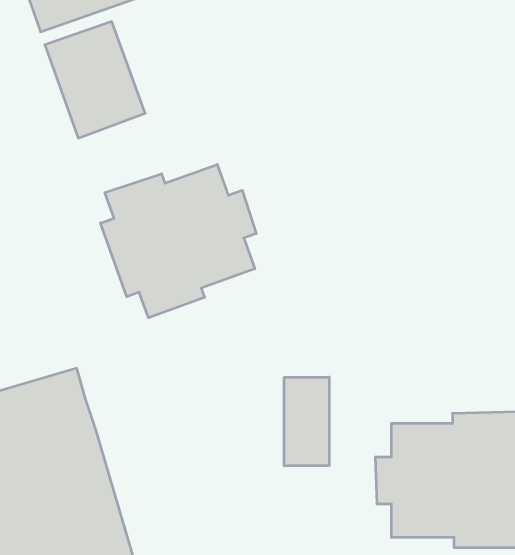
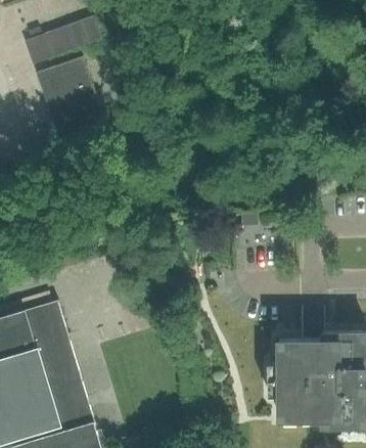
building: [100,164,256,318] -> none
building: [284,377,329,466] -> none

